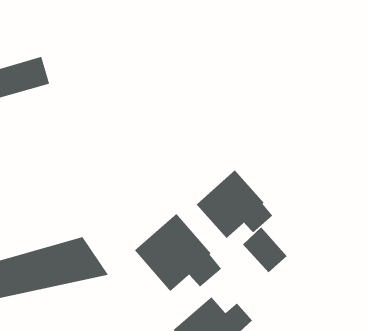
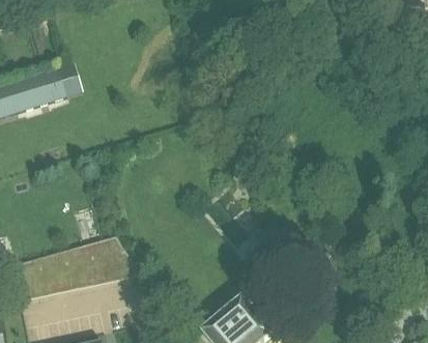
building: [196,170,273,239] -> none
building: [134,213,222,292] -> none

